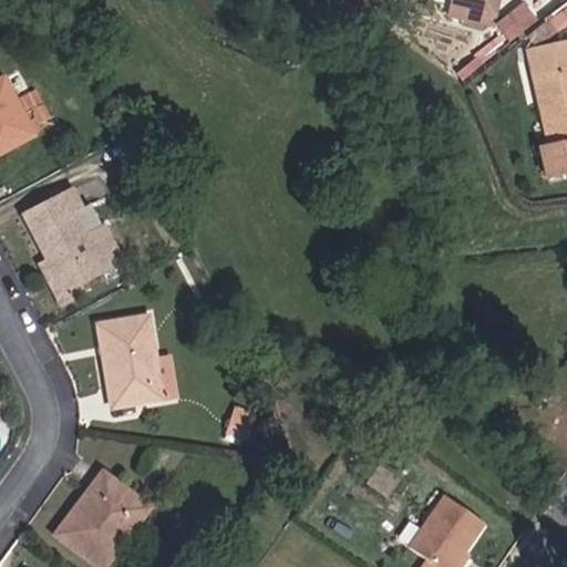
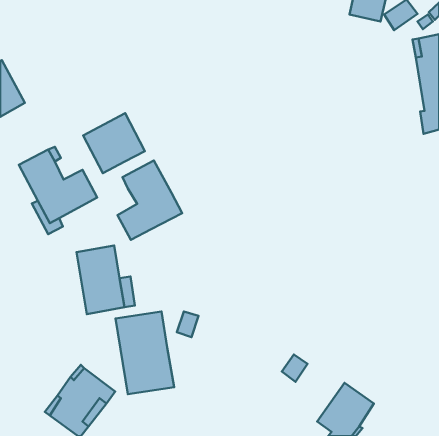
building: none -> [83,113,145,173]
building: none -> [117,160,182,240]
building: none -> [115,312,174,394]

